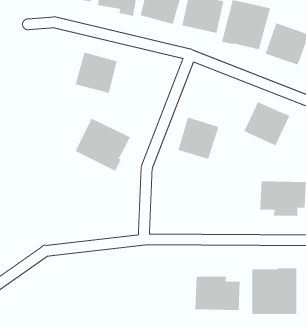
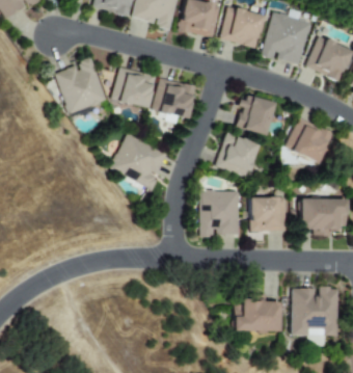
building: none -> [55,56,107,114]
building: none -> [153,78,195,118]
building: none -> [235,94,274,136]
building: none -> [199,190,240,235]
building: none -> [250,197,287,232]

